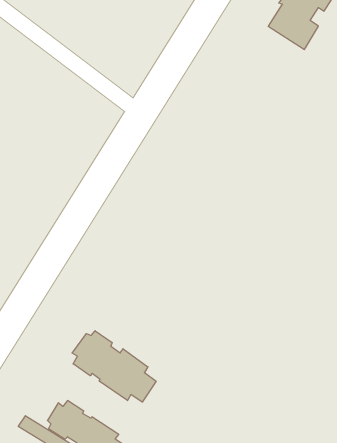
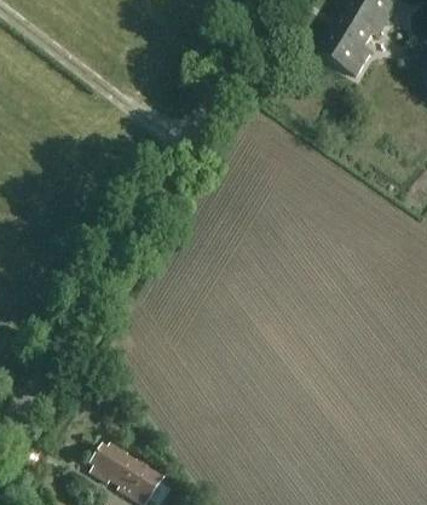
building: [72,331,156,402] -> none

